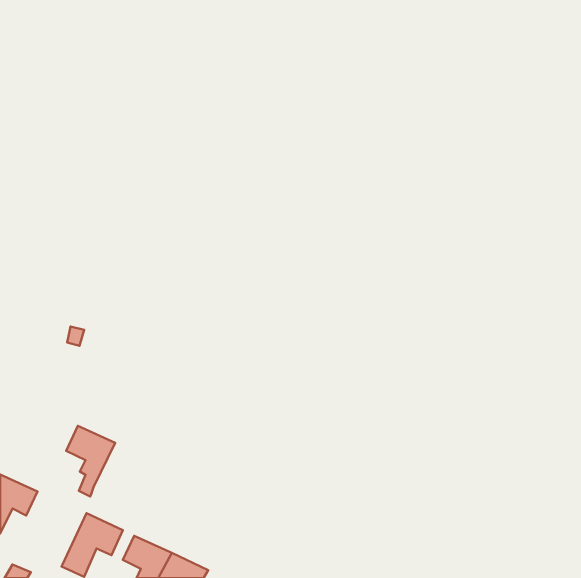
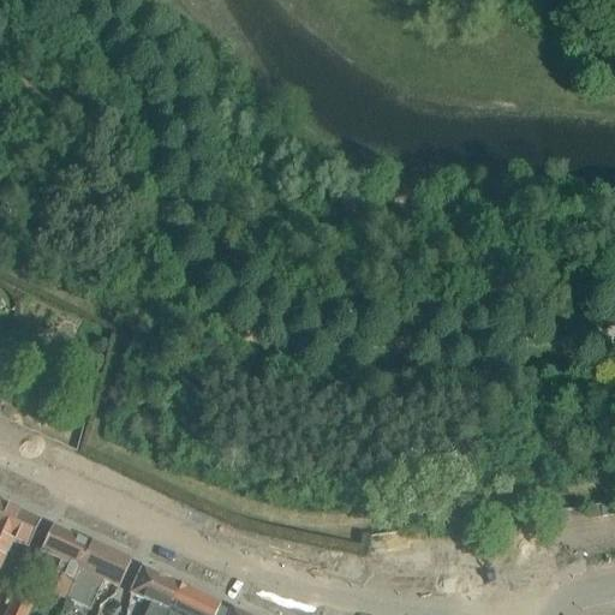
building: [66,426,115,496] -> [40,524,91,598]

